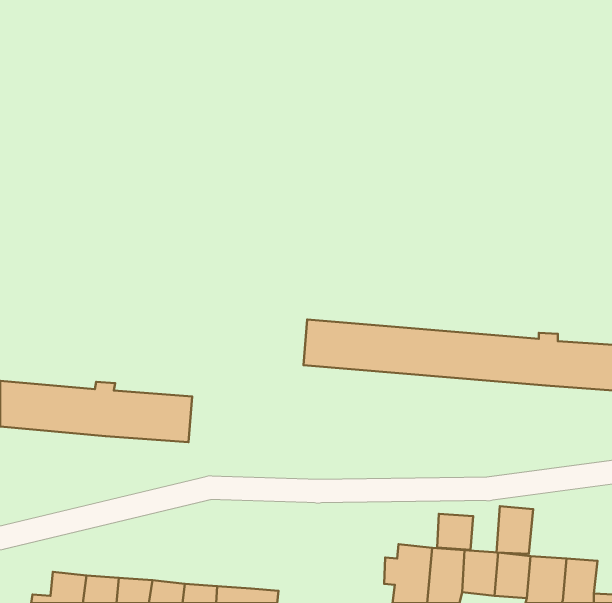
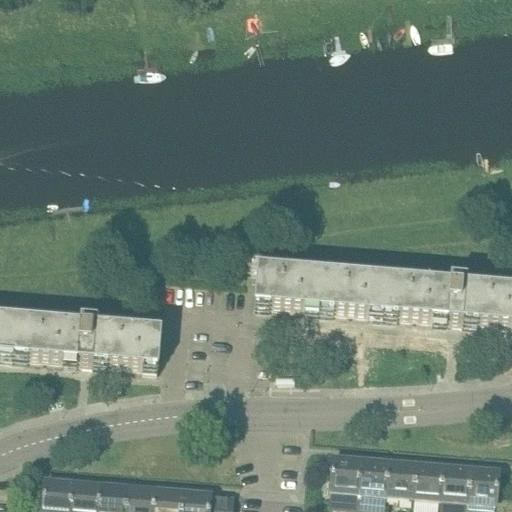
building: [496,506,533,554] -> none
building: [437,514,473,550] -> none

